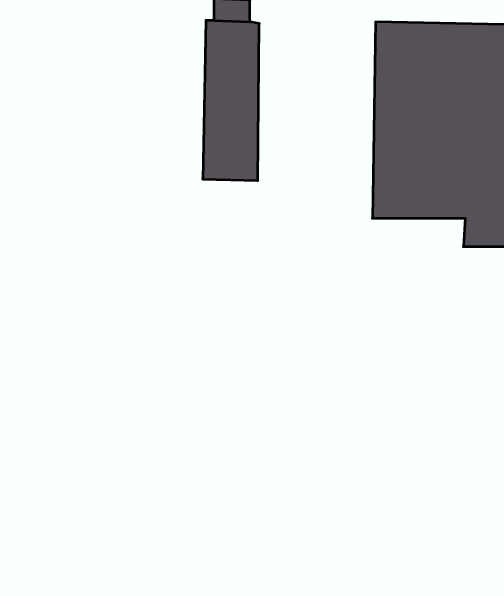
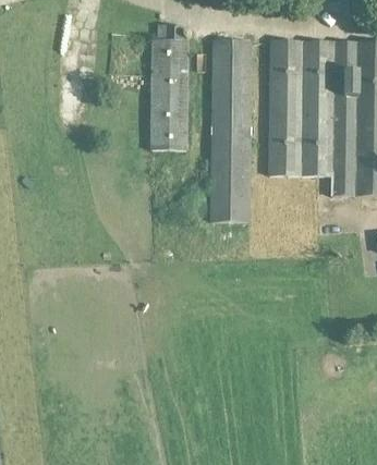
building: none -> [211,38,252,218]

